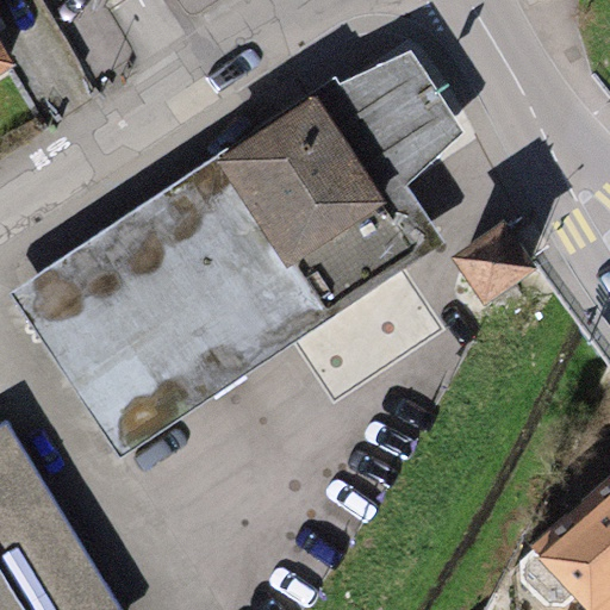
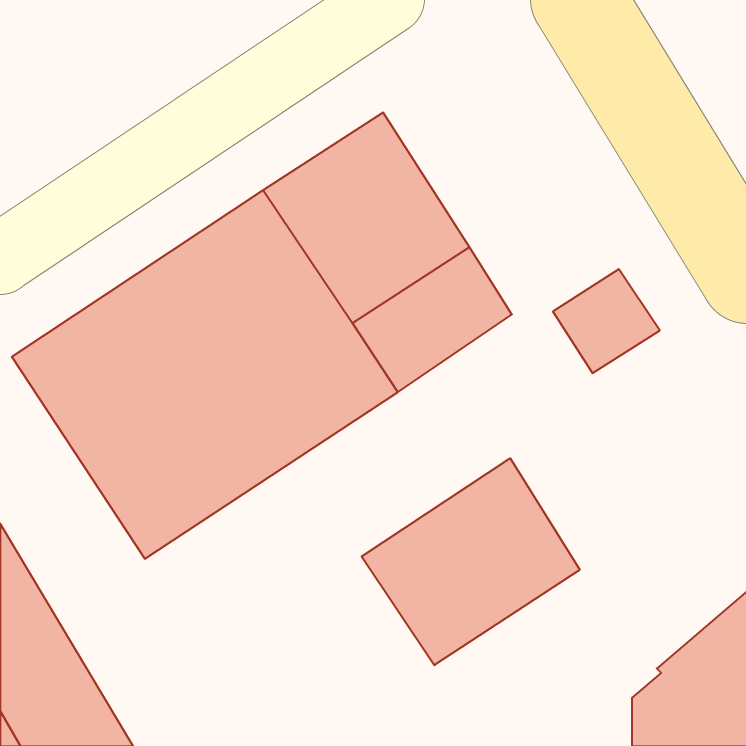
building: [313,48,463,256] -> none
building: none -> [362,458,580,665]

